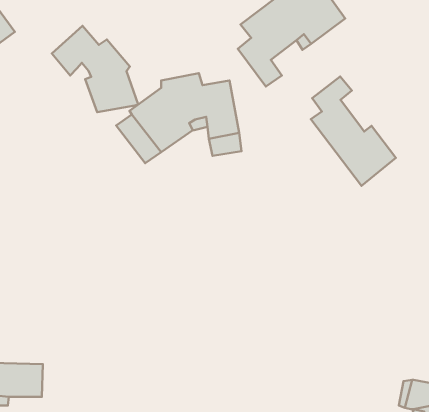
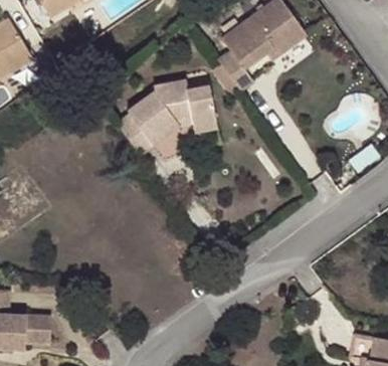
building: [52,26,138,112] -> none
building: [311,76,396,186] -> none

